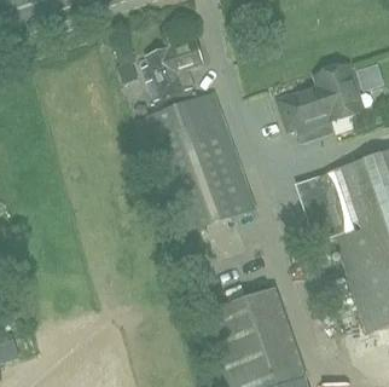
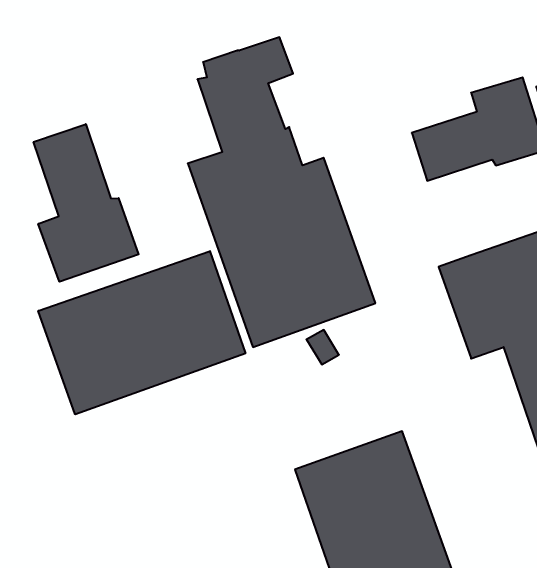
building: none -> [34,124,139,282]
building: none -> [38,251,245,414]

